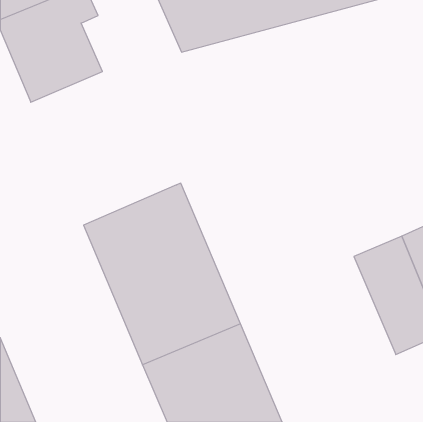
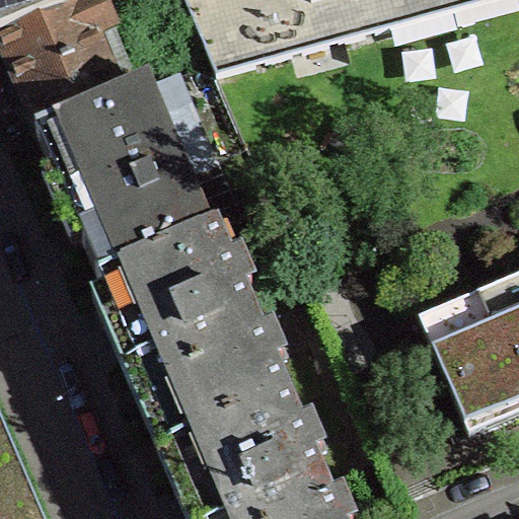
building: none -> [52,74,225,268]

